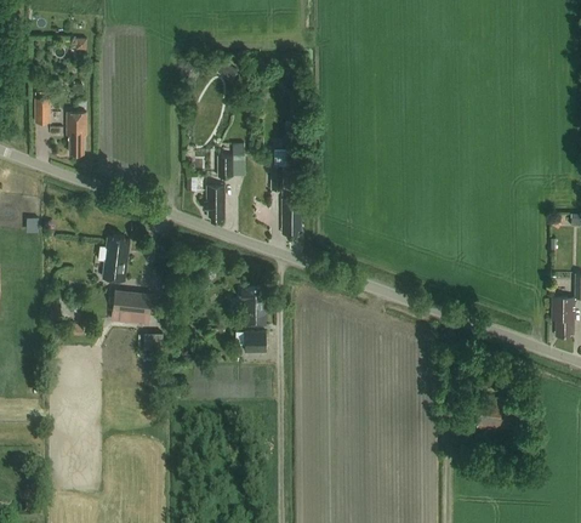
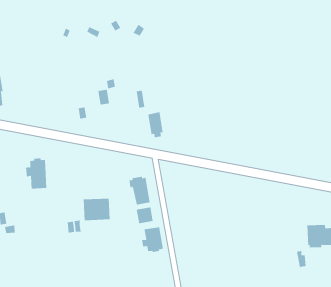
building: [206,187,224,221] -> none
building: [112,289,153,324] -> [83,198,111,221]
building: none -> [142,226,164,253]

